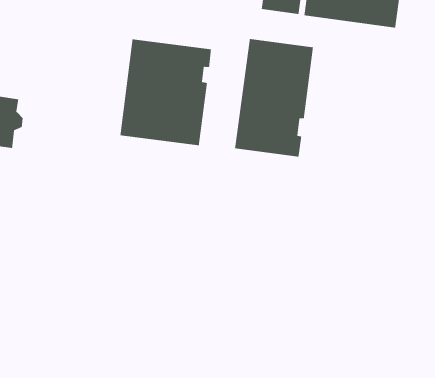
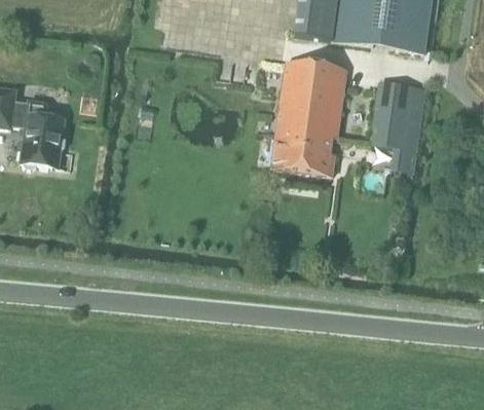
building: [120,38,212,146] -> none
building: none -> [371,80,425,171]

